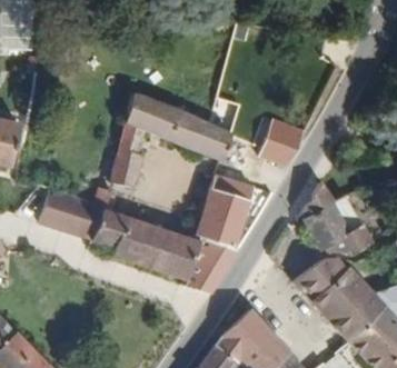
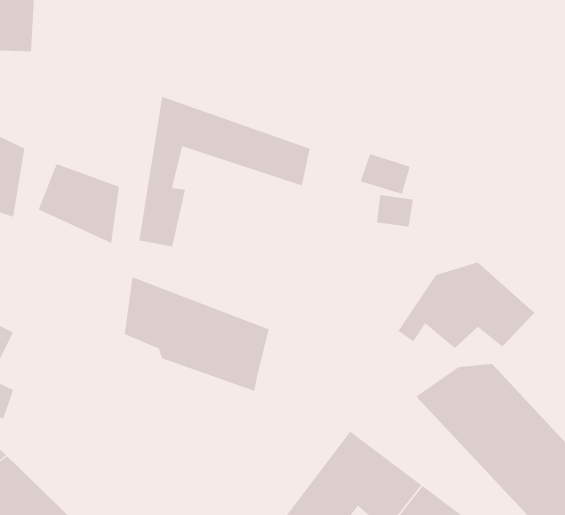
building: [179,152,248,281] -> none
building: [38,190,93,245] -> [38,163,120,244]

